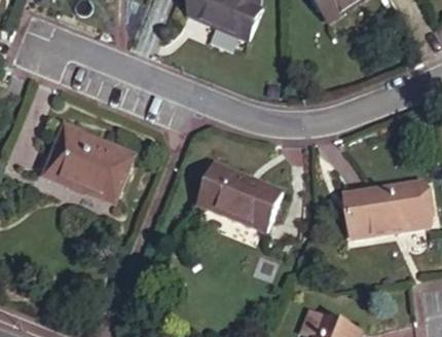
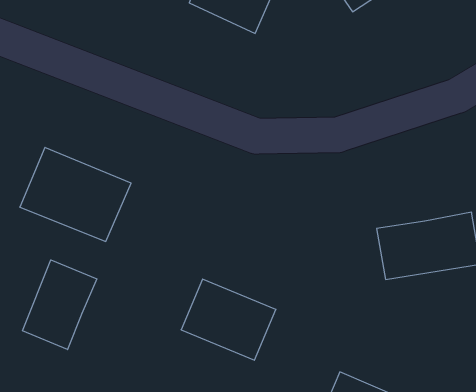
building: [205,170,282,235] -> [181,279,276,360]
building: none -> [23,260,97,350]

